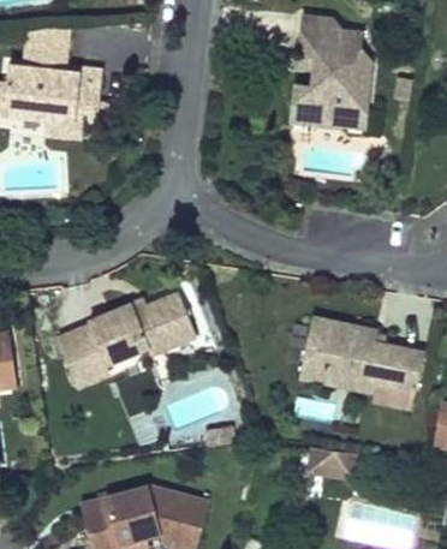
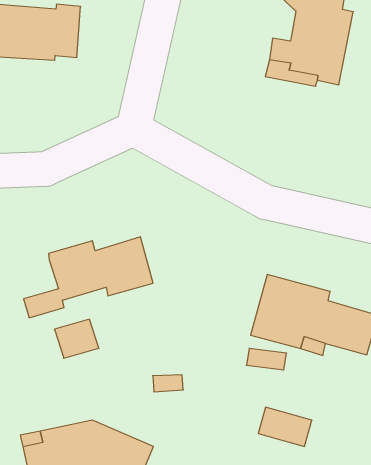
building: [59,326,105,366] -> [54,319,99,358]

